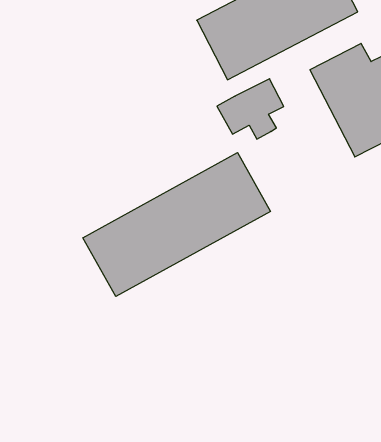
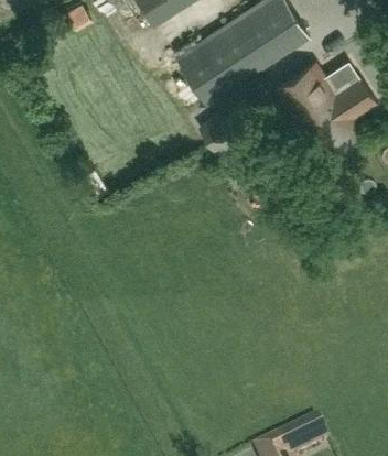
building: [83,153,270,296] -> none

